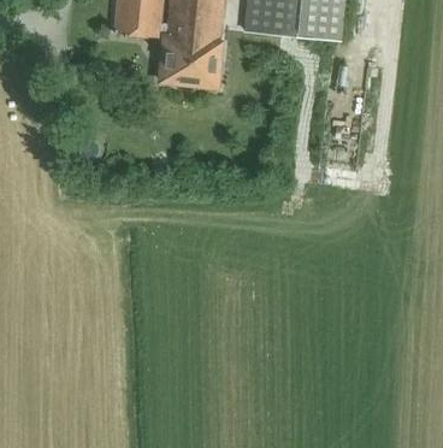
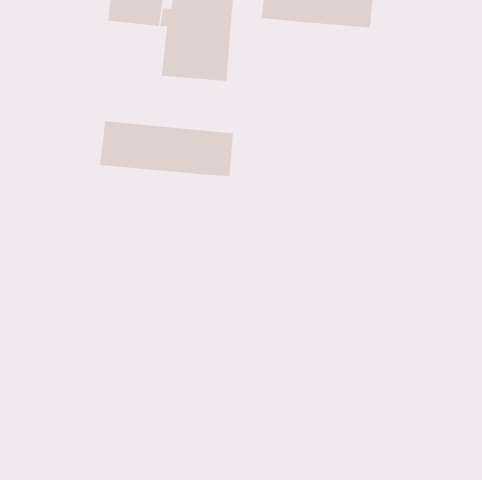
building: none -> [99,121,234,177]

